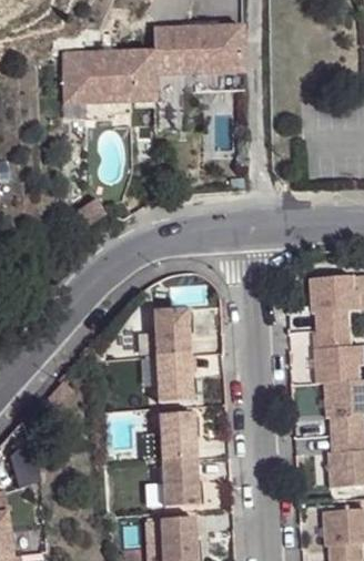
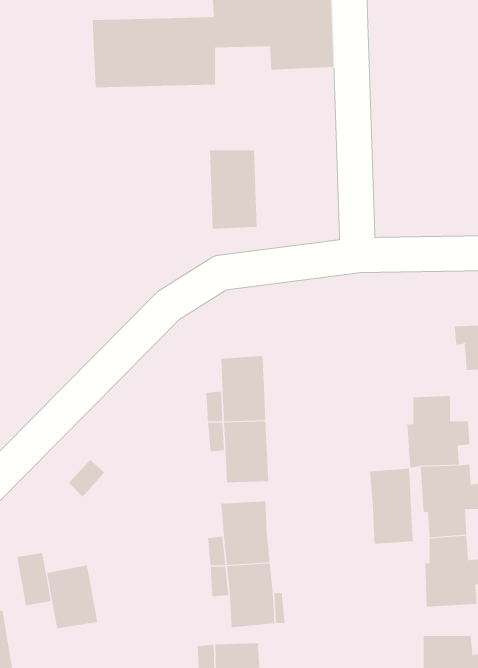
building: none -> [210,149,257,230]
building: [304,279,351,333] -> none
building: none -> [369,468,413,545]
building: none -> [47,565,98,629]

